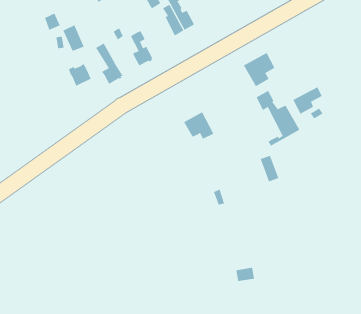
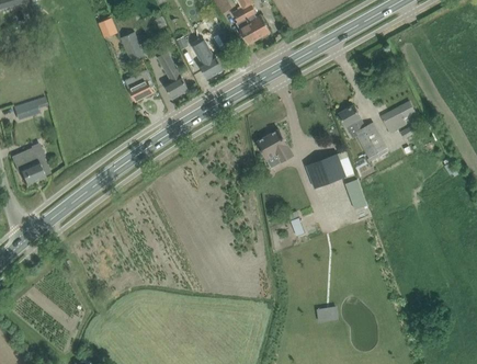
building: [243,52,275,87] -> none
building: none -> [305,150,348,189]

